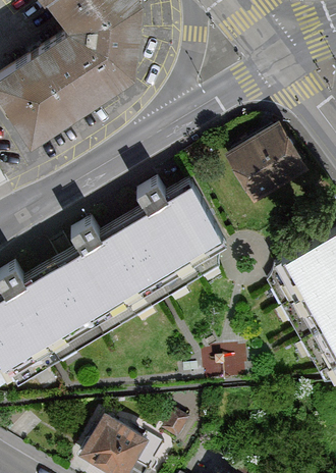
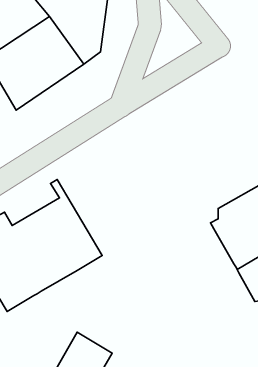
building: [224,121,307,201] -> none
building: [79,180,226,319] -> none

